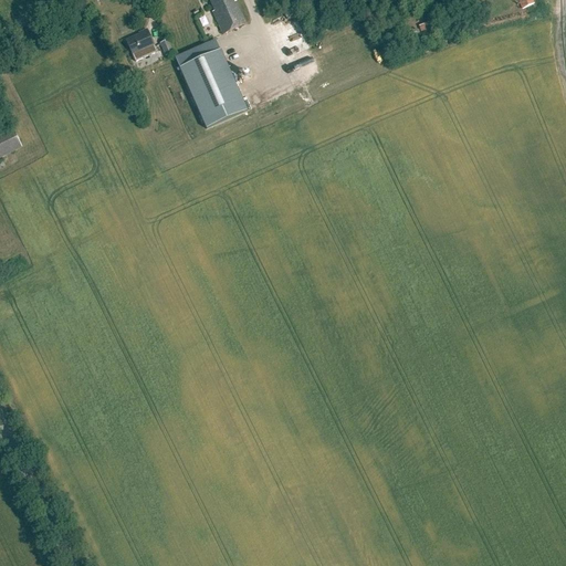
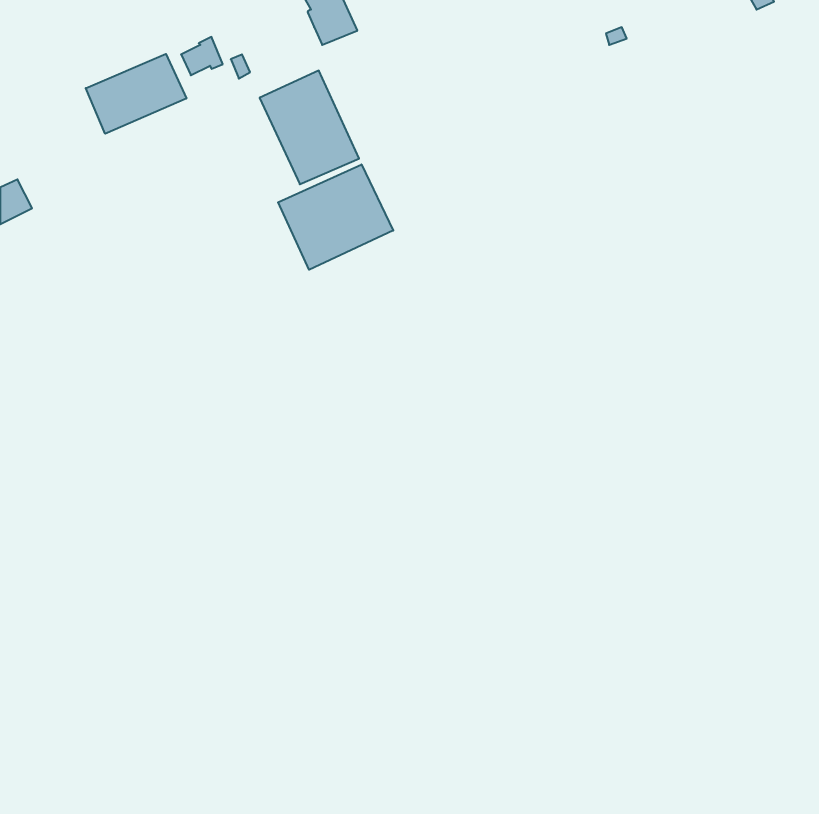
building: none -> [86,54,186,134]
building: none -> [278,164,393,270]

